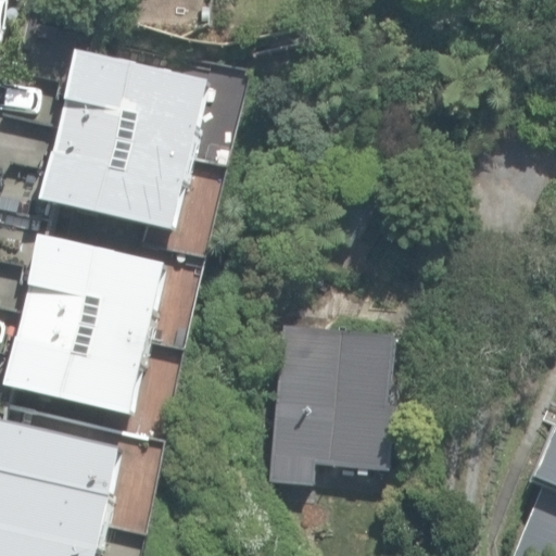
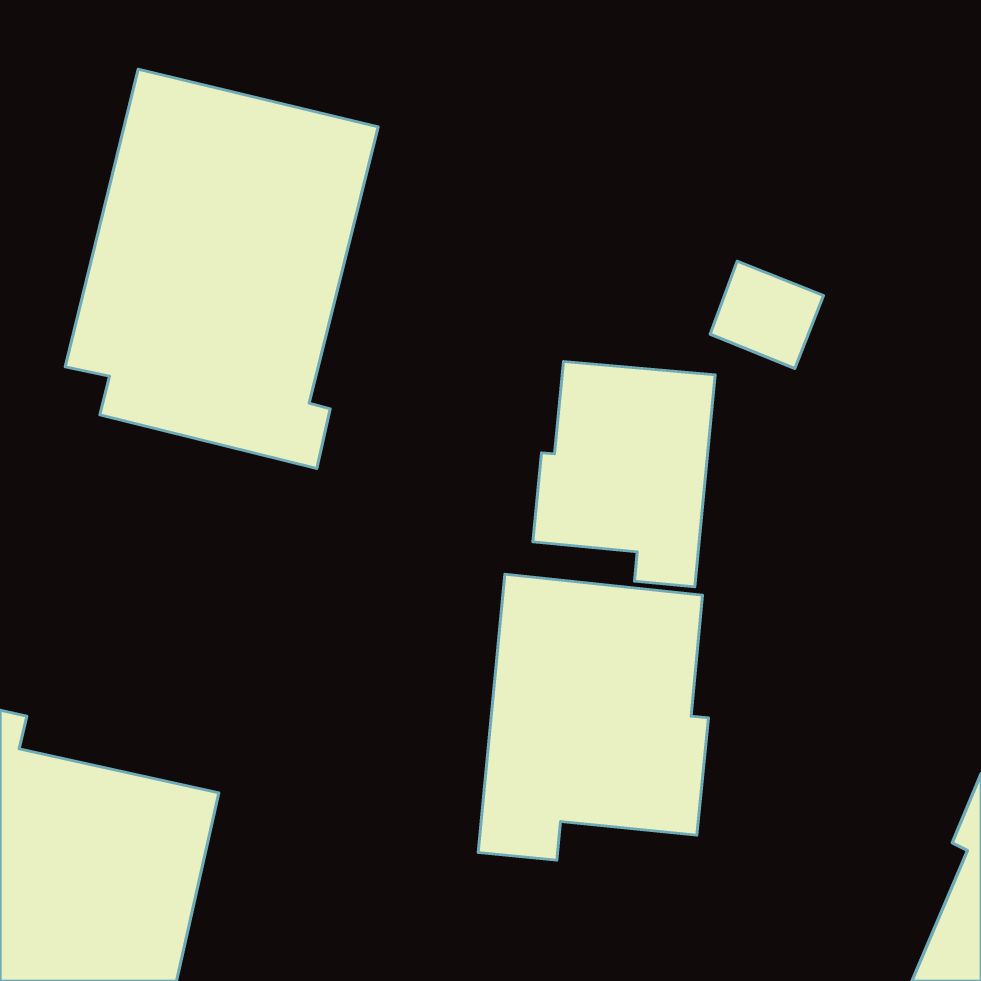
building: none -> [533,362,715,587]
building: [5,235,173,415] -> none

